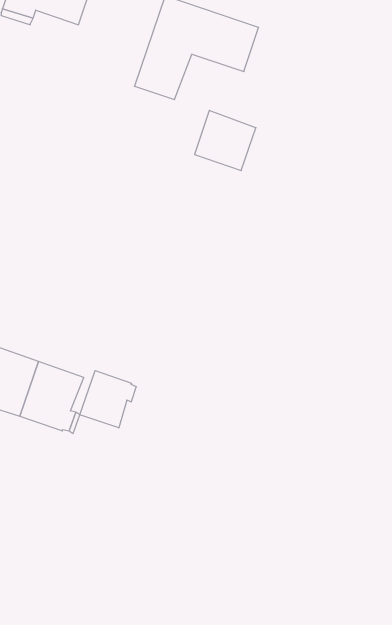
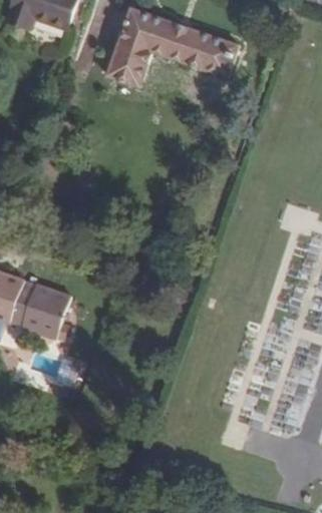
building: [195,110,256,171] -> [189,32,235,77]
building: [80,371,136,428] -> none

